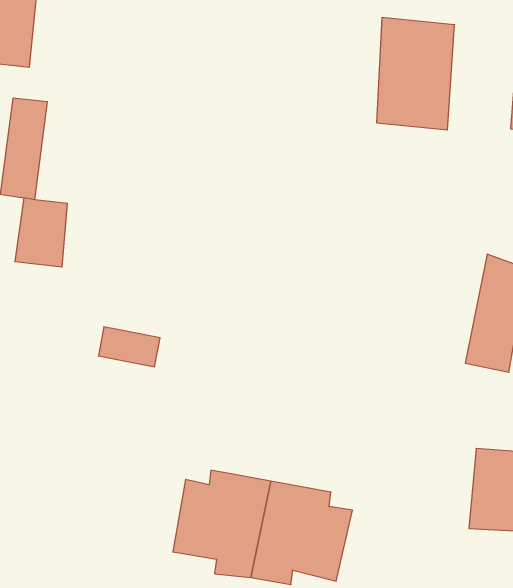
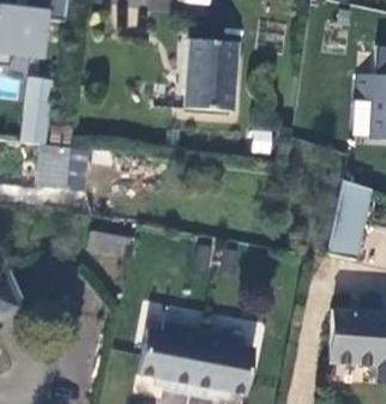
building: [377,17,455,130] -> [187,38,239,113]

